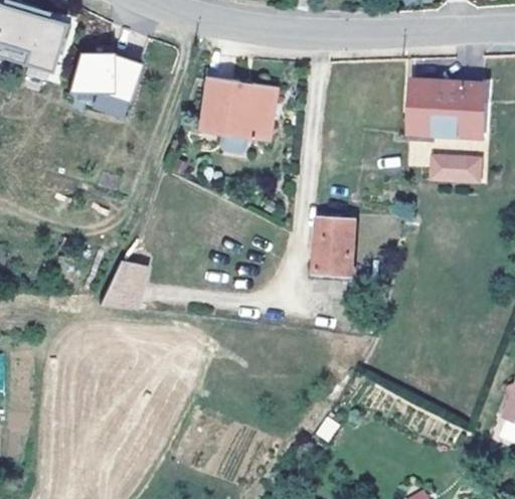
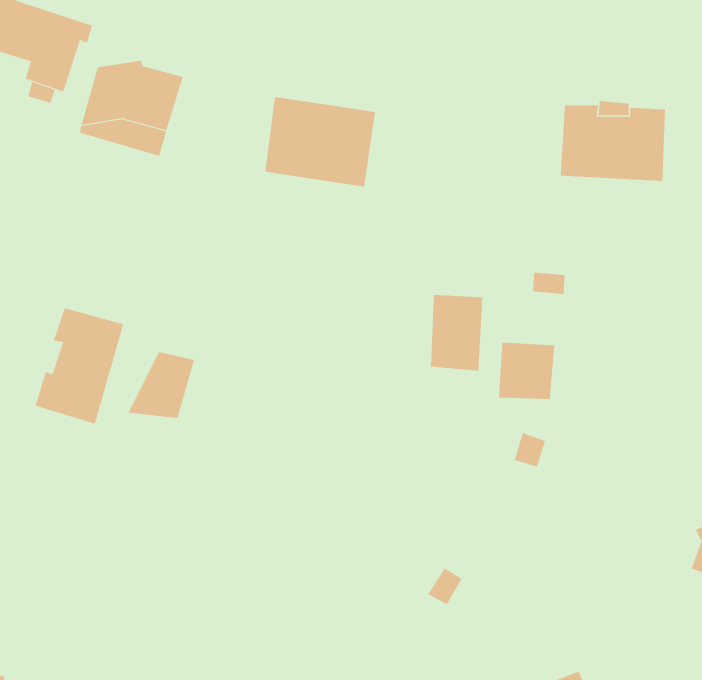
building: [435,157,482,180] -> none
building: none -> [35,307,124,425]
building: none -> [499,342,555,400]

